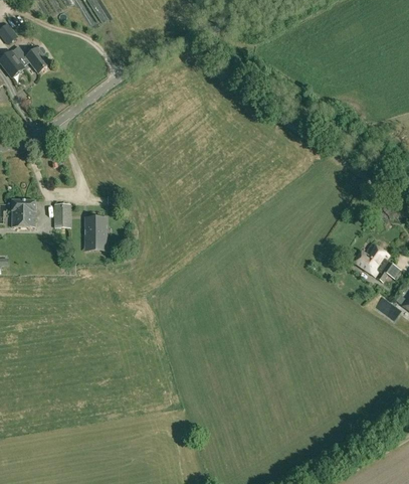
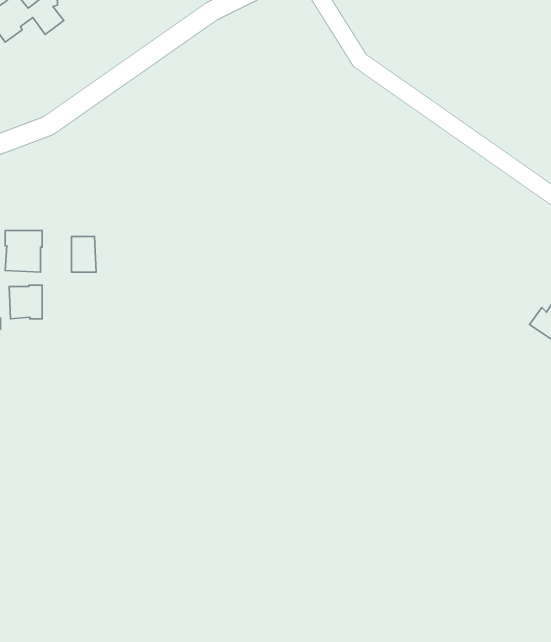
building: [85,217,105,245] -> none
building: none -> [9,285,42,319]

